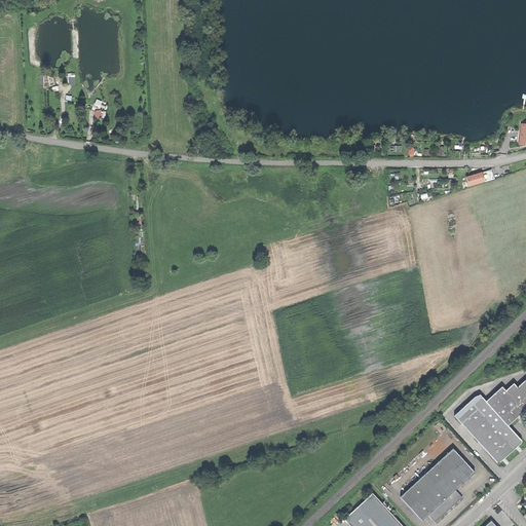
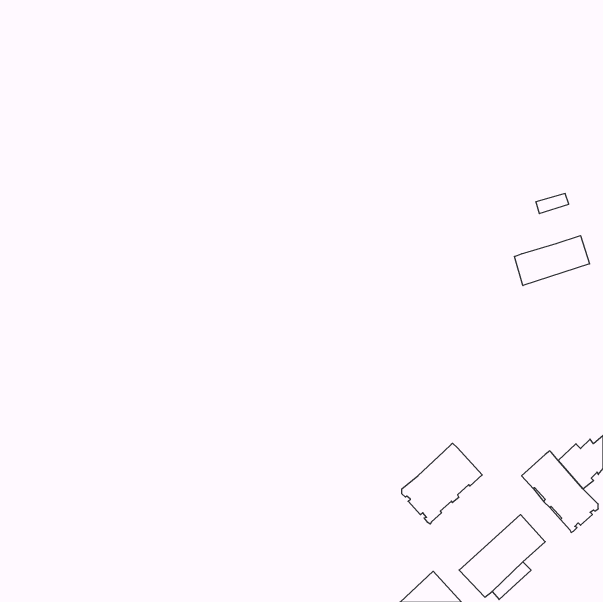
building: none -> [514,236,590,286]
building: none -> [402,443,482,524]

